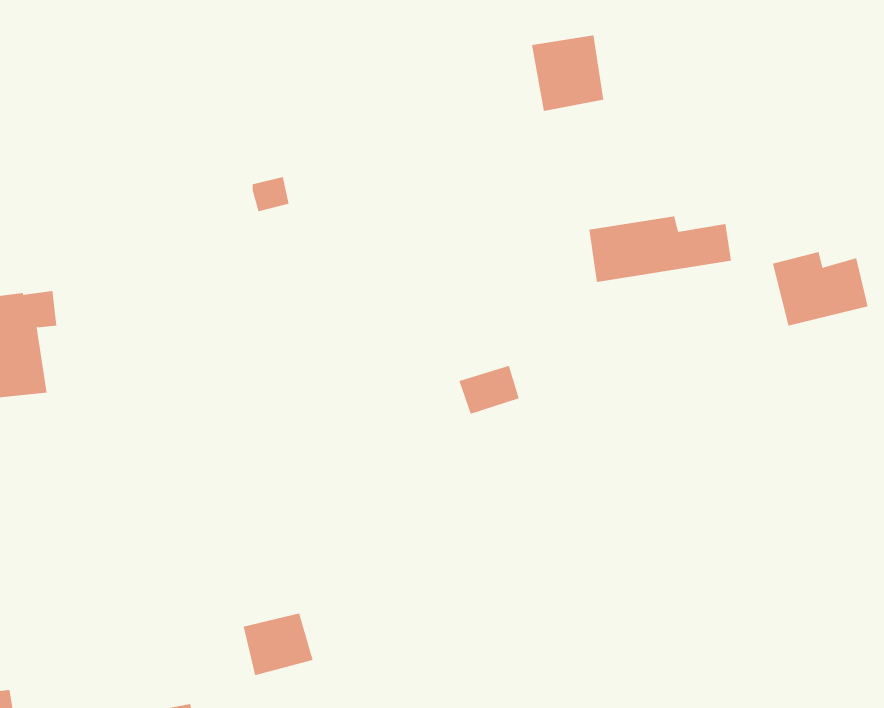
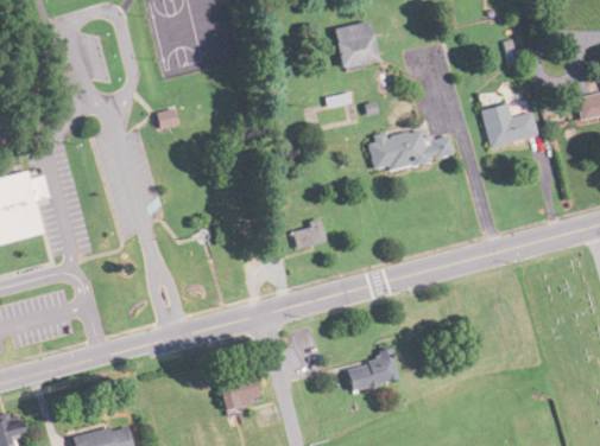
building: [772,252,869,326] -> [480,104,538,149]
building: none -> [345,355,398,391]
building: [243,613,314,676] -> [217,374,260,412]

